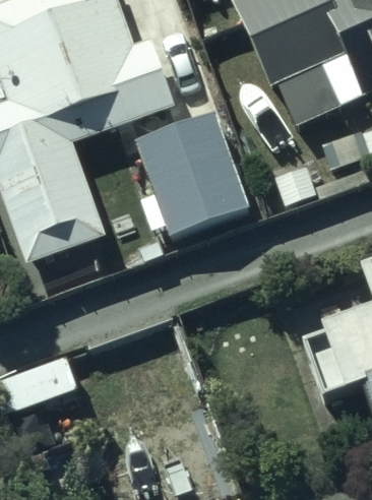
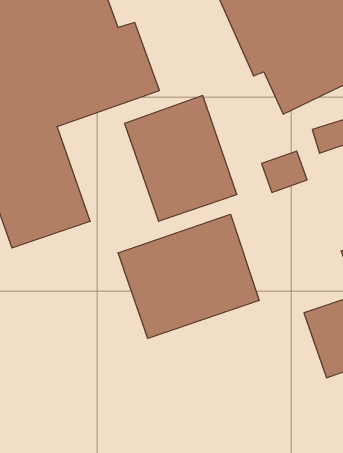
building: none -> [118,214,259,338]

